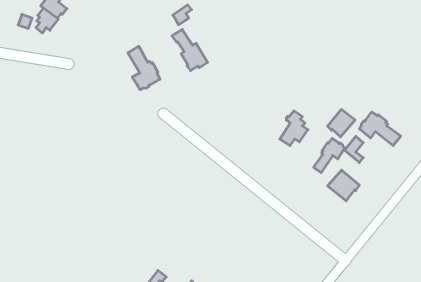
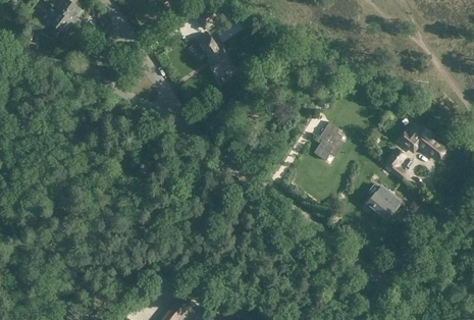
building: [128,46,160,90] -> none
building: [328,109,355,137] -> none
building: [314,138,345,173] -> none

